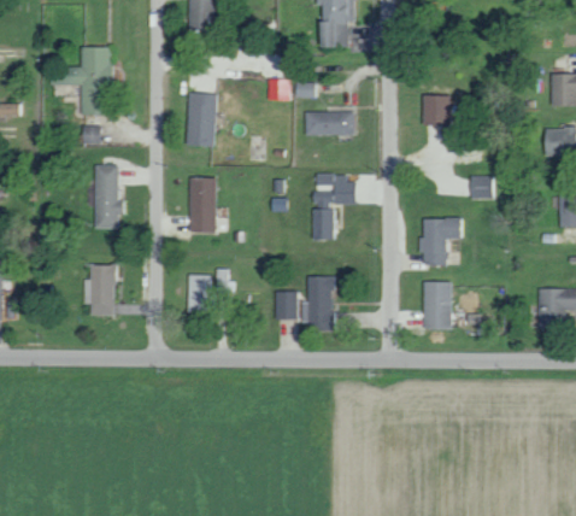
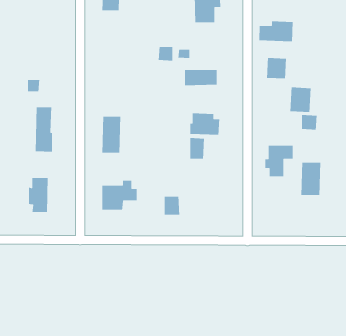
building: none -> [259,20,294,42]
building: [51,46,112,113] -> none
building: [187,93,214,146] -> none
building: none -> [289,87,312,113]
building: [305,276,333,330] -> none
building: [423,281,452,329] -> [301,162,321,196]

